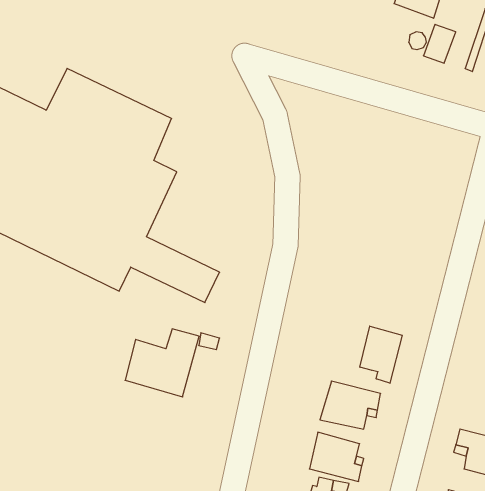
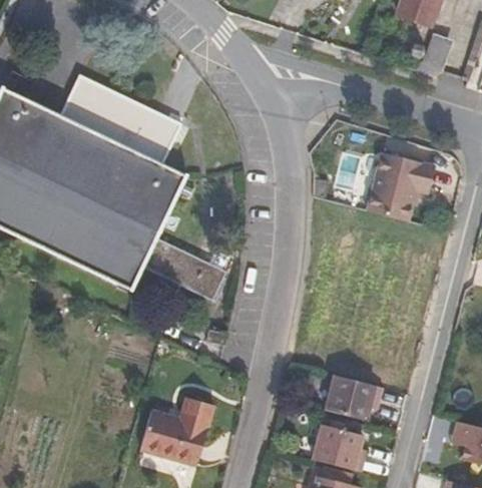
building: none -> [366,152,434,220]
building: [360,326,402,383] -> none
building: [125,329,199,397] -> [141,399,212,464]

